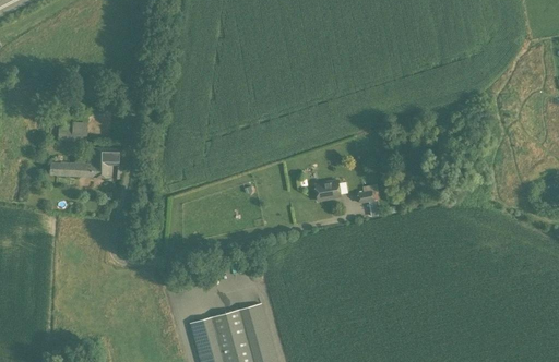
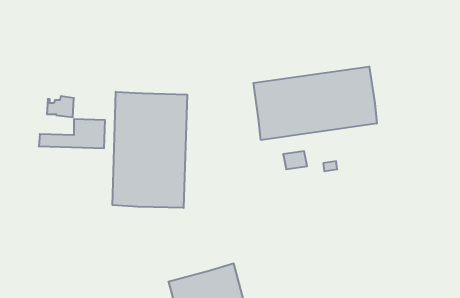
building: none -> [253,66,377,140]
building: none -> [112,92,187,208]

